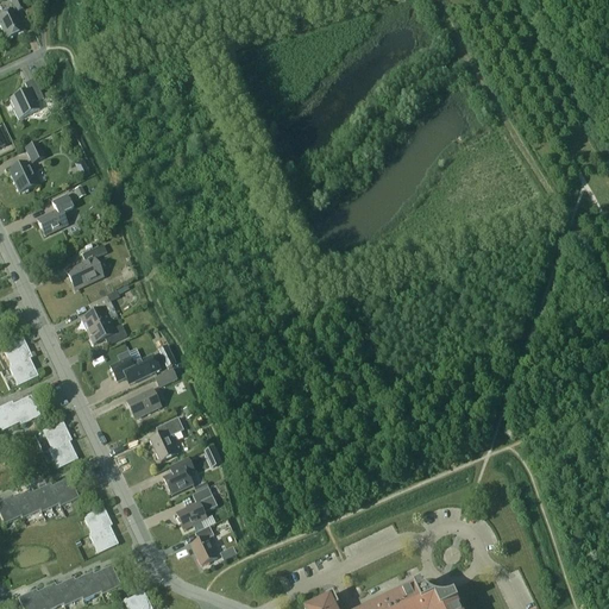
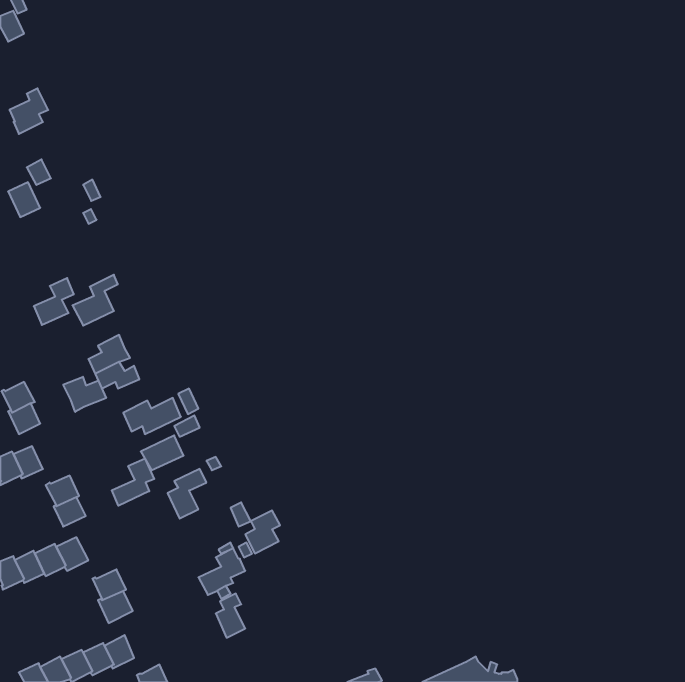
building: [36,194,71,236] -> [34,278,74,325]
building: none -> [63,377,106,412]
building: none -> [112,459,154,506]
building: [163,457,194,495] -> [245,510,280,553]

